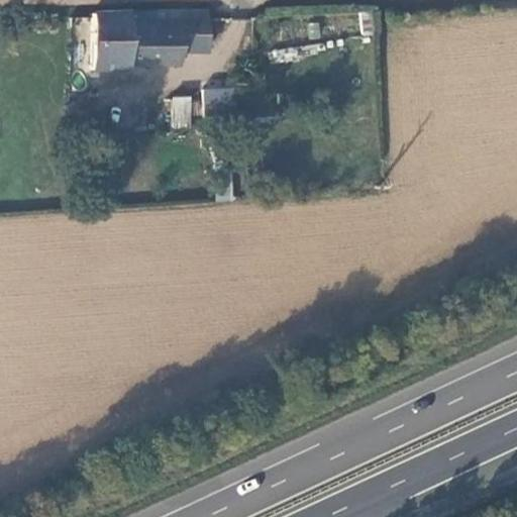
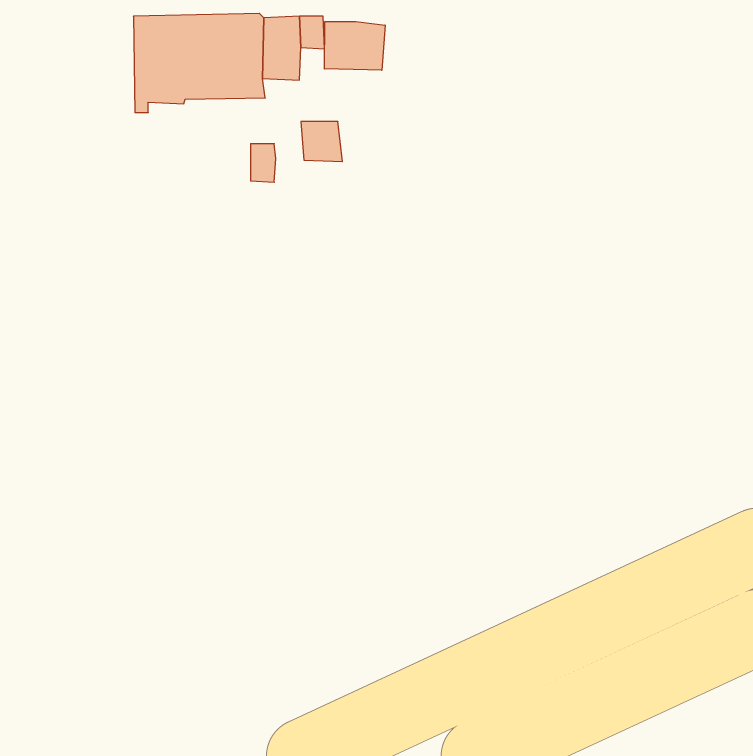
building: none -> [324,22,385,70]

